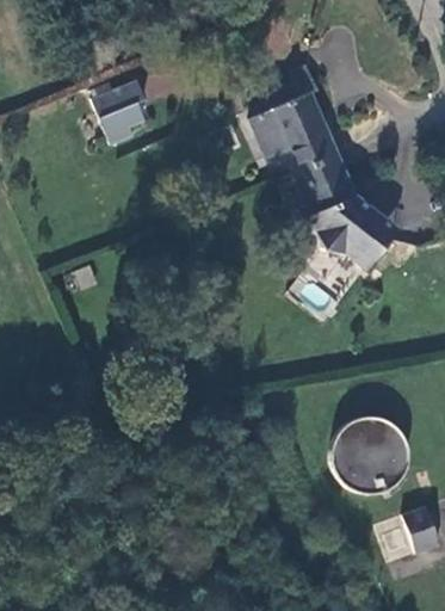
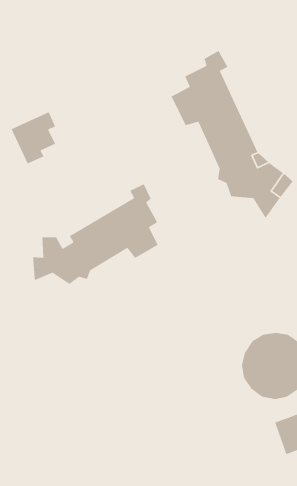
building: [88,79,144,144] -> [11,111,56,164]
building: none -> [32,183,159,285]

